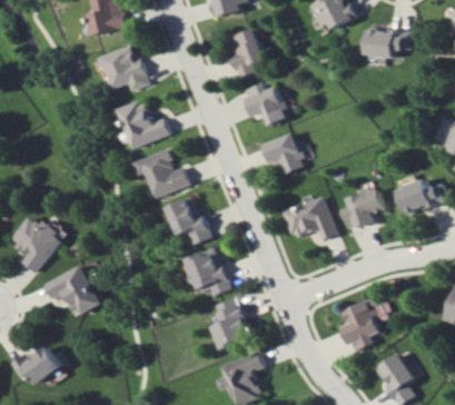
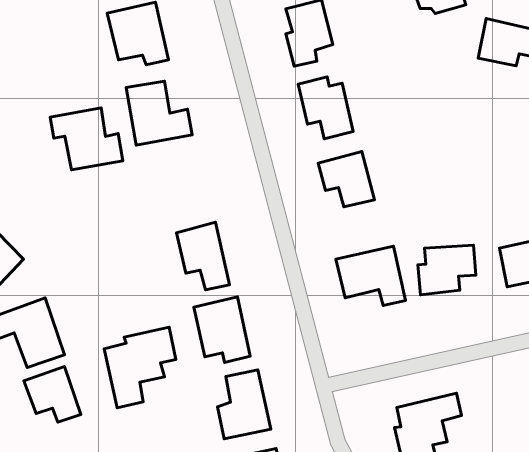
building: [133,150,189,197] -> [50,108,123,170]
building: none -> [104,327,176,408]
building: none -> [24,366,81,422]

